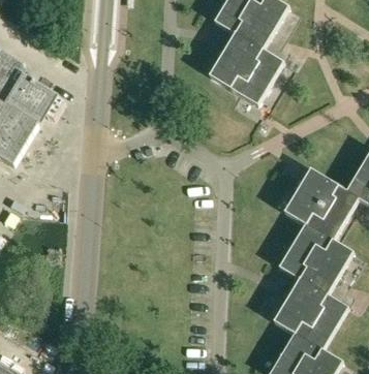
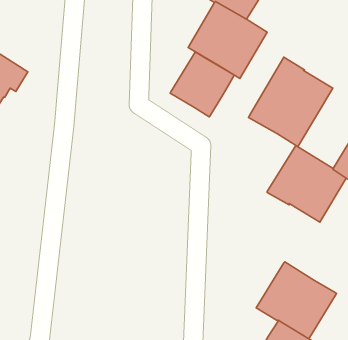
building: none -> [170,51,235,117]
building: none -> [249,57,333,146]
building: [278,221,353,293] -> none

